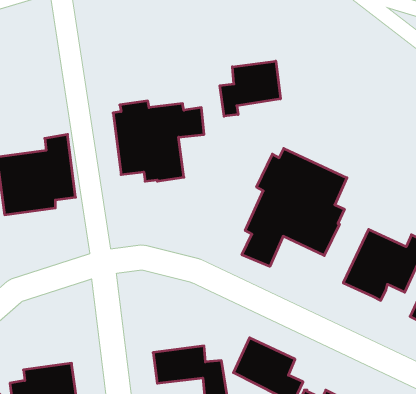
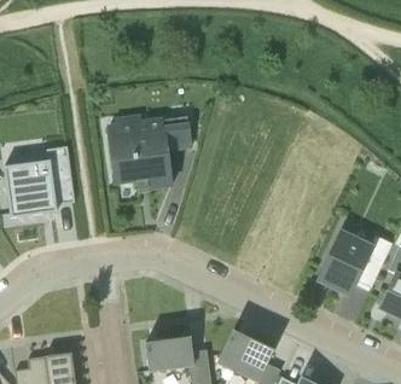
building: [220,61,280,116] -> none
building: [242,148,347,266] -> none

